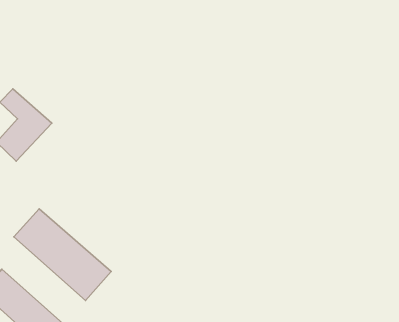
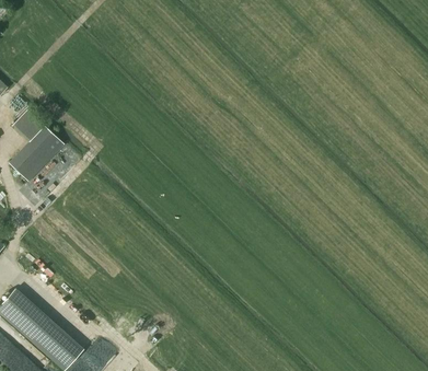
building: [14,209,111,301] -> none

